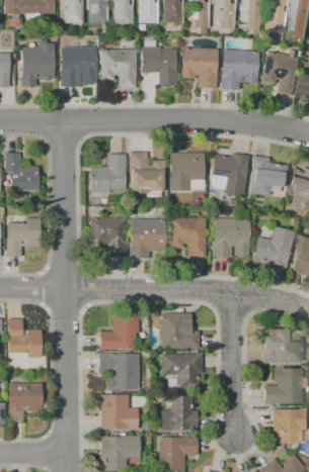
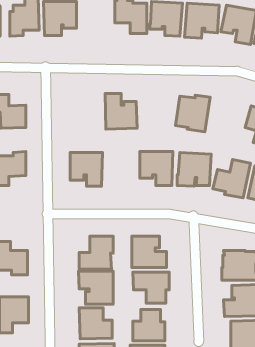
building: [100,51,136,88] -> none
building: [168,153,204,191] -> none
building: [89,154,126,193] -> none
building: [248,156,287,196] -> none
building: [129,219,164,258] -> none

